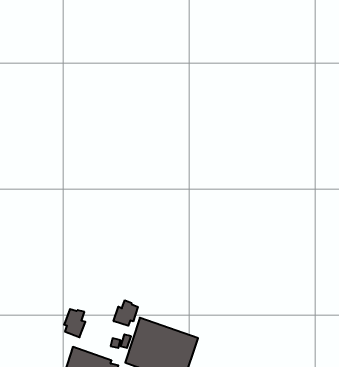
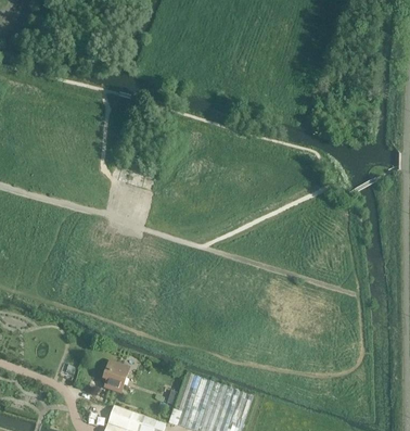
building: [114,300,138,326] -> none

